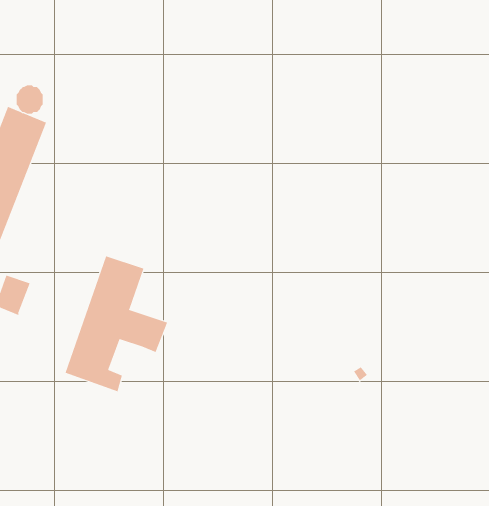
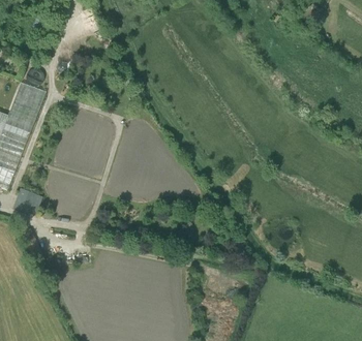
building: [65,256,168,392] -> none

